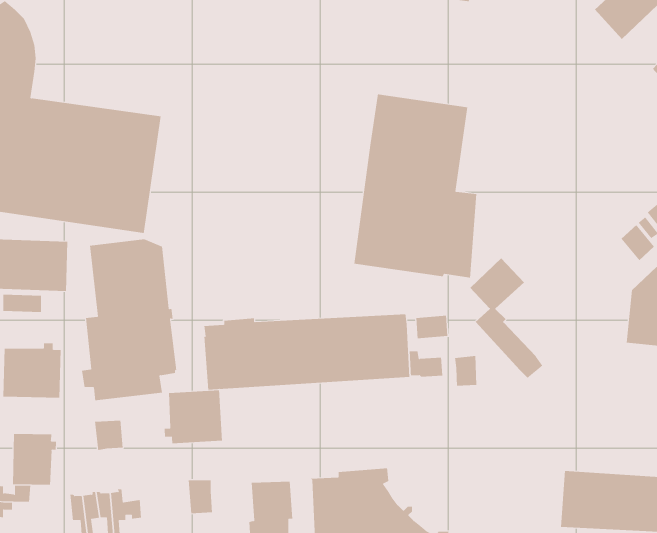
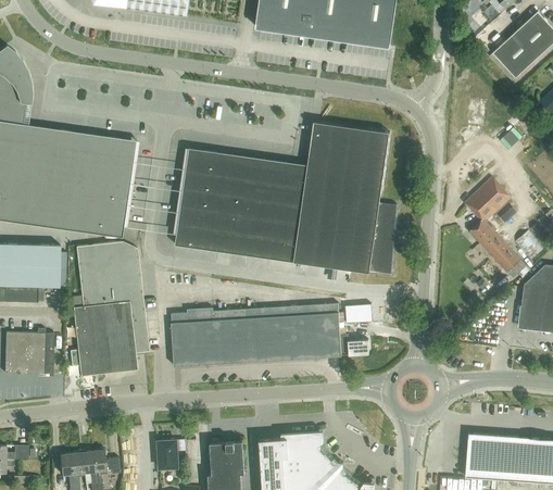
building: none -> [175,149,307,263]
building: [470,257,543,379] -> [465,178,526,278]
building: [455,355,477,386] -> none
building: [164,389,222,444] -> none
building: [95,420,123,451] -> none
building: [12,433,57,485] -> none

